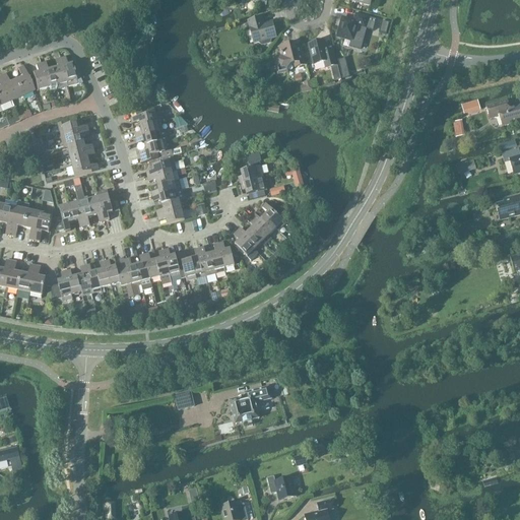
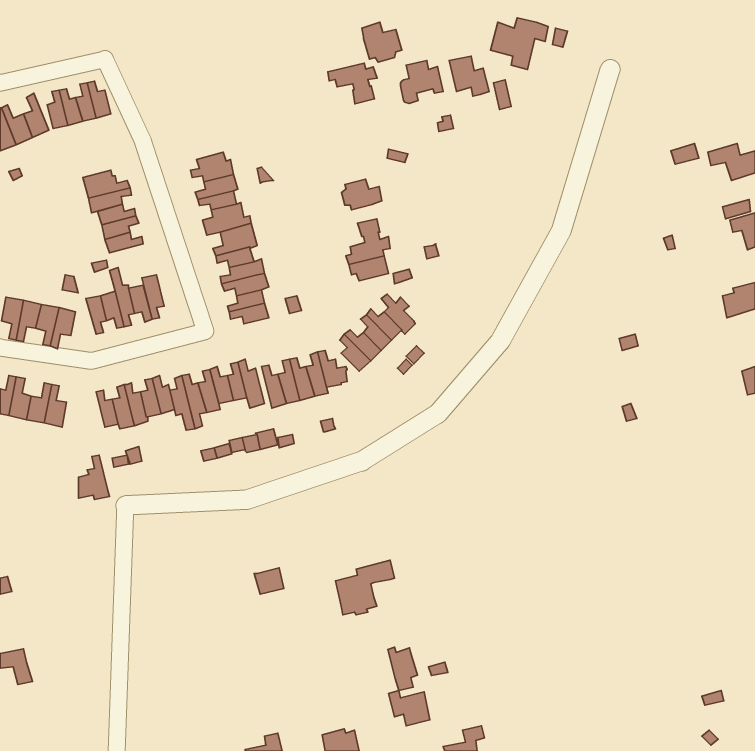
building: none -> [328,63,377,104]
building: none -> [342,179,382,210]
building: [52,269,73,300] -> [78,455,109,499]
building: none -> [388,647,417,690]

